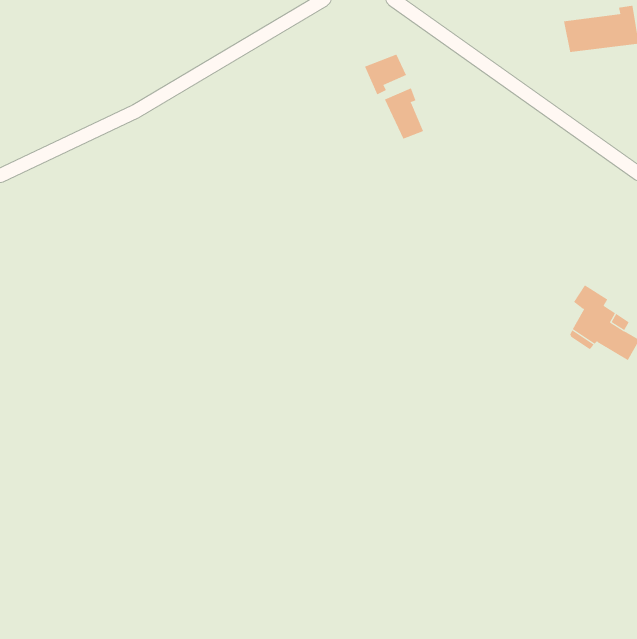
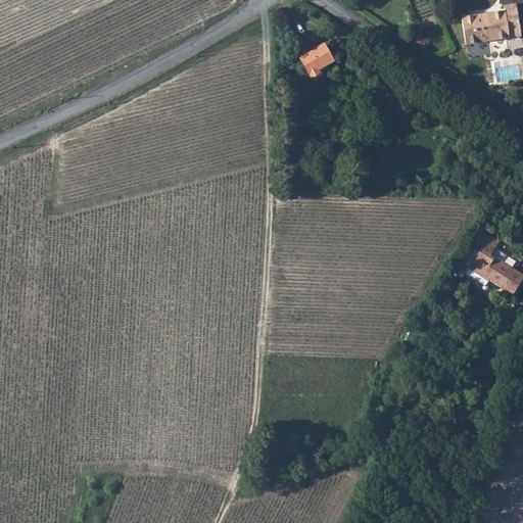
building: [384,87,424,140] -> none

